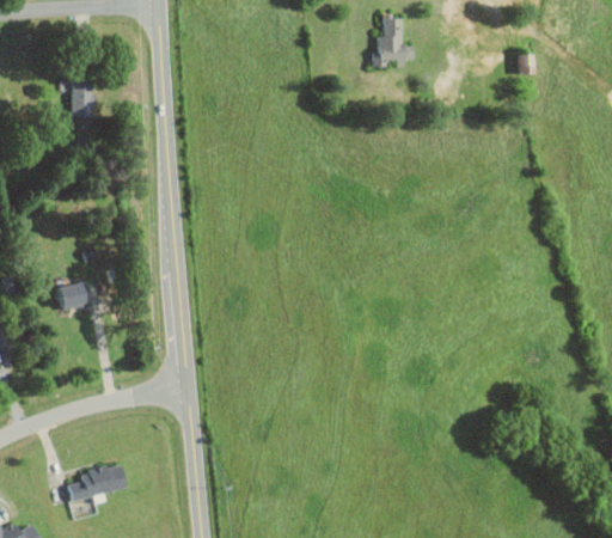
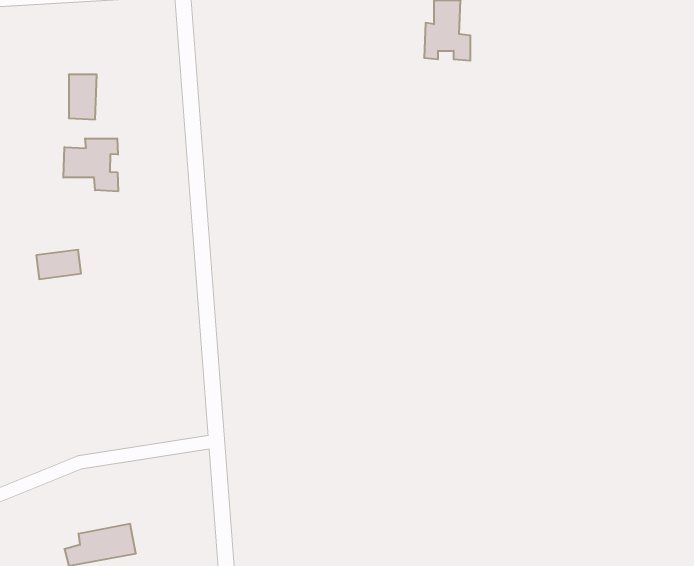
building: none -> [63,138,118,191]
building: [50,283,88,308] -> [36,250,81,279]

